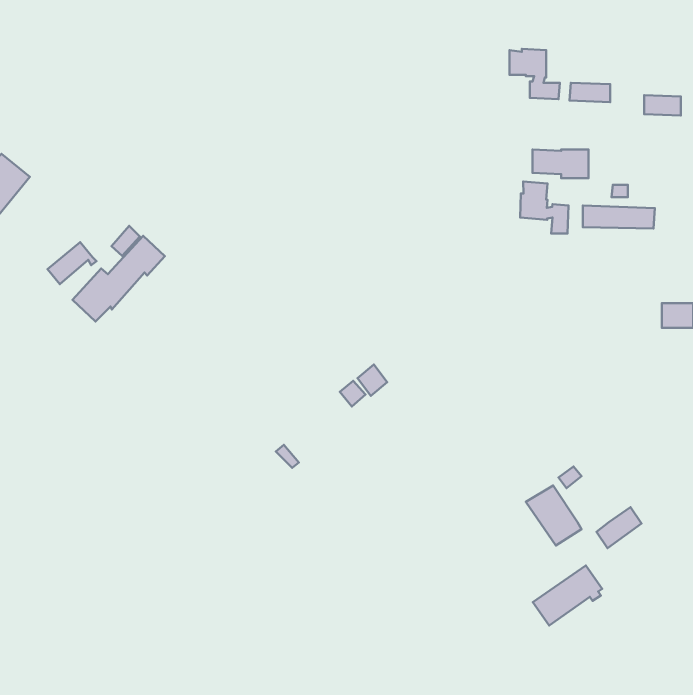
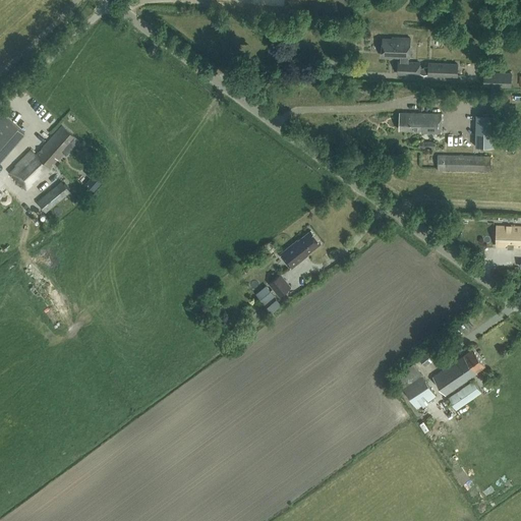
building: none -> [473,113,493,147]
building: [520,181,569,234] -> none
building: [73,236,165,322] -> [8,125,77,189]
building: none -> [279,230,321,268]
building: [533,566,602,625] -> [432,349,484,394]

